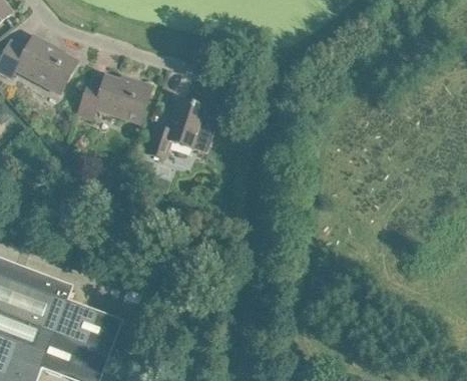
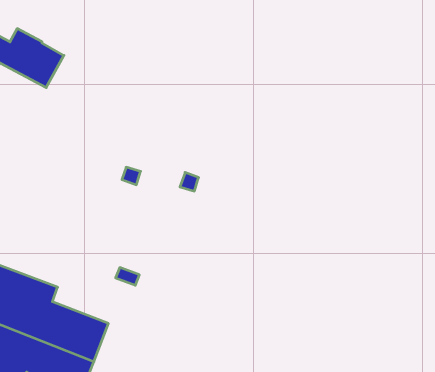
building: [78,74,151,123] -> none
building: [147,97,217,157] -> none

